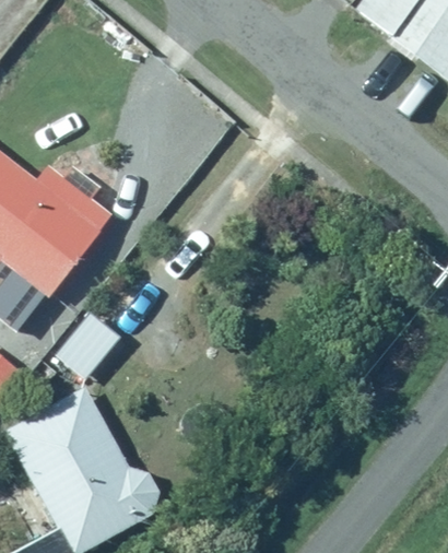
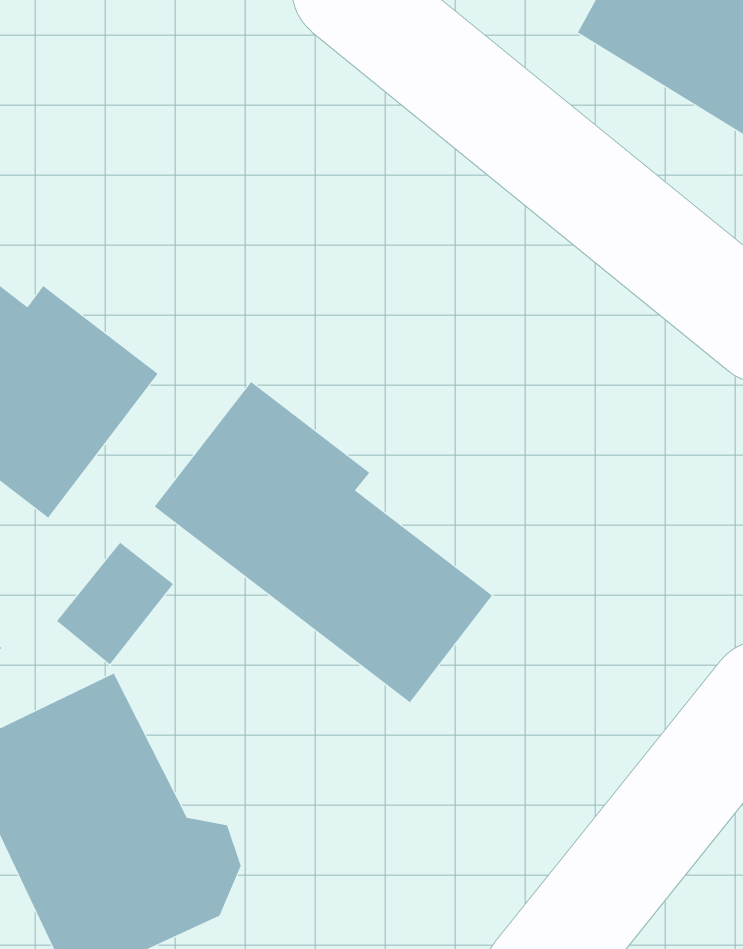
building: none -> [154,381,493,703]

